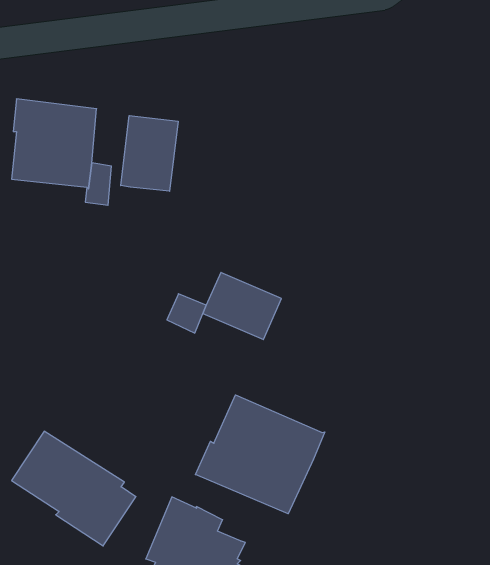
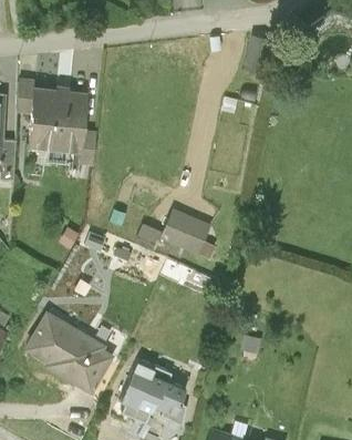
building: [121,116,178,191] -> none
building: [195,395,325,514] -> none

